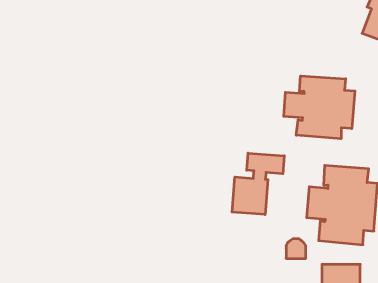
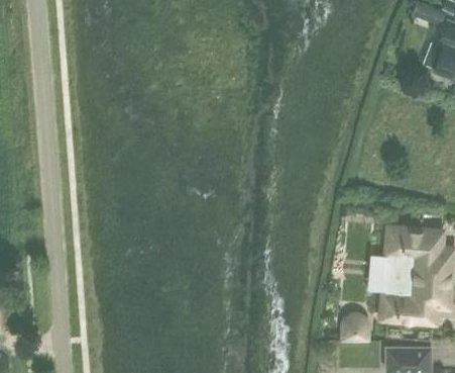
building: [284,76,355,139] -> none
building: [232,153,284,215] -> none

